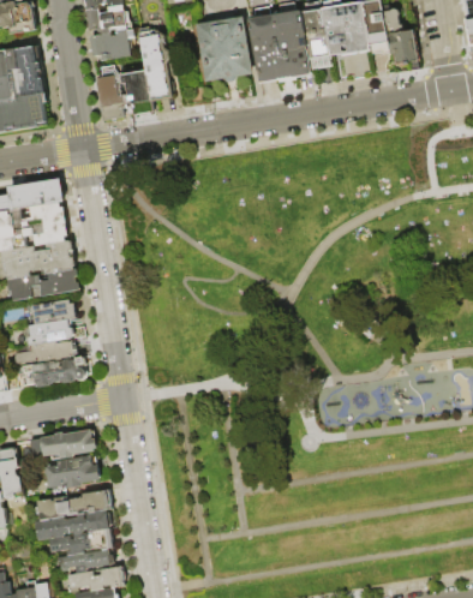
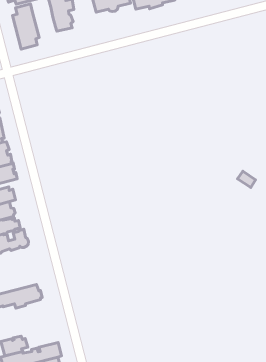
building: [120,67,152,115] -> none
building: [46,456,101,490] -> none
building: [71,490,113,515] -> none

